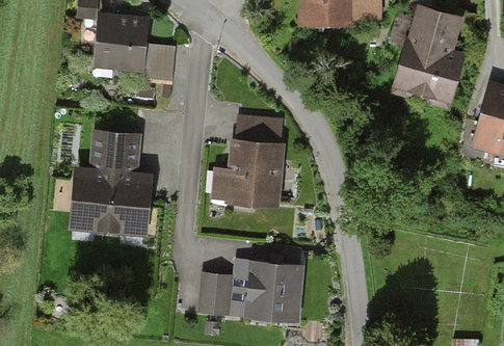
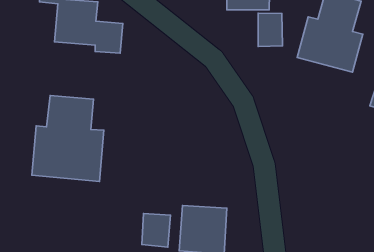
building: none -> [258,13,283,46]
building: [211,115,284,204] -> none

